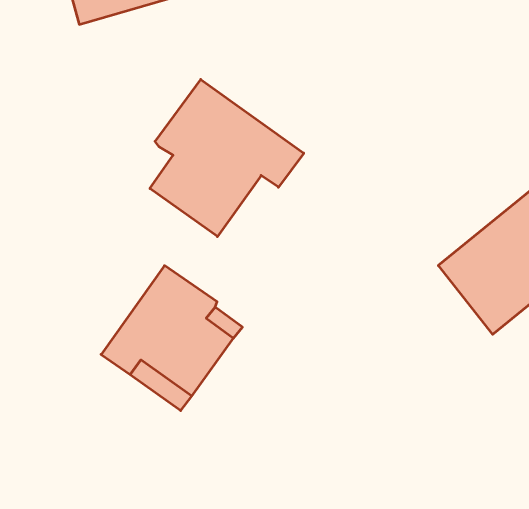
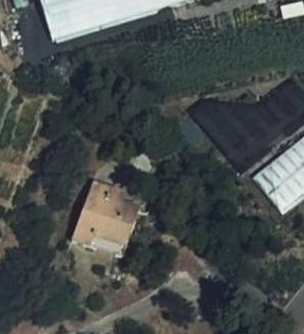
building: [150,79,304,237] -> none

